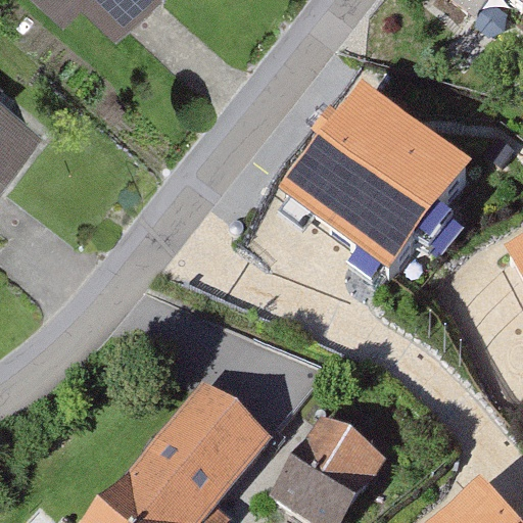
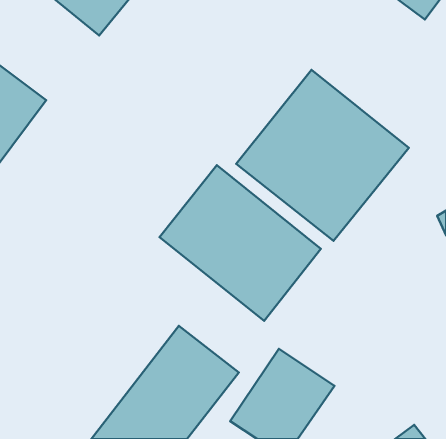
building: none -> [160,165,321,321]

